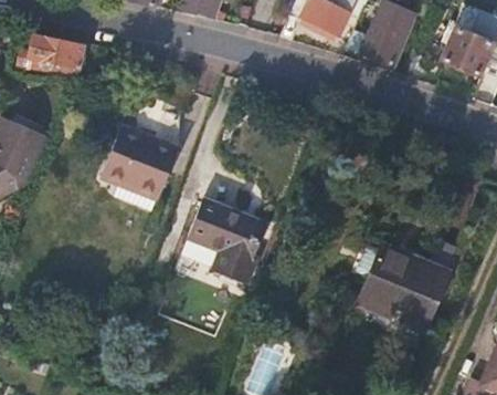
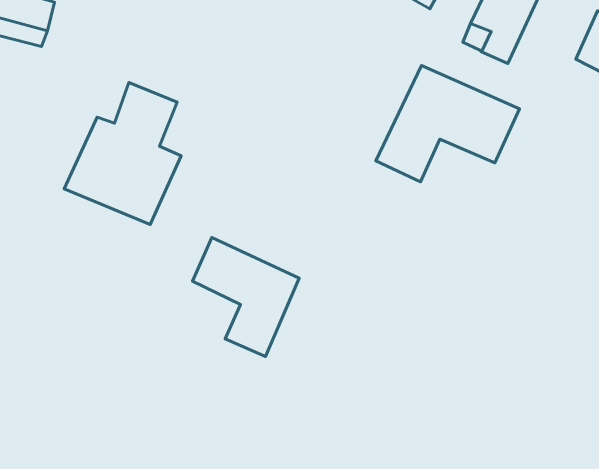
building: none -> [376,65,520,182]
building: [358,248,445,330] -> none

